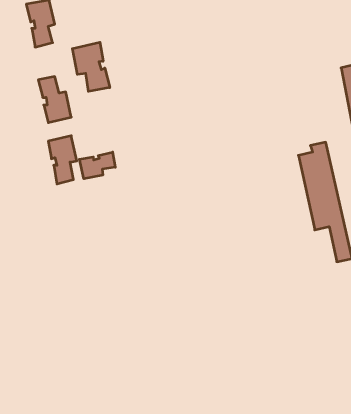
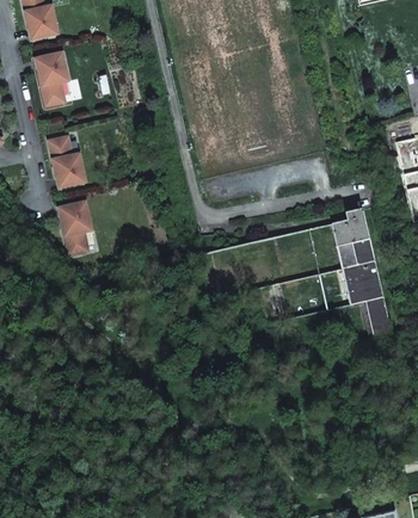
building: [72,42,110,91] -> none
building: [79,152,115,179] -> none

